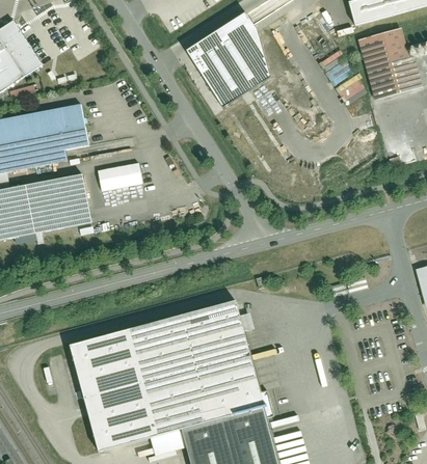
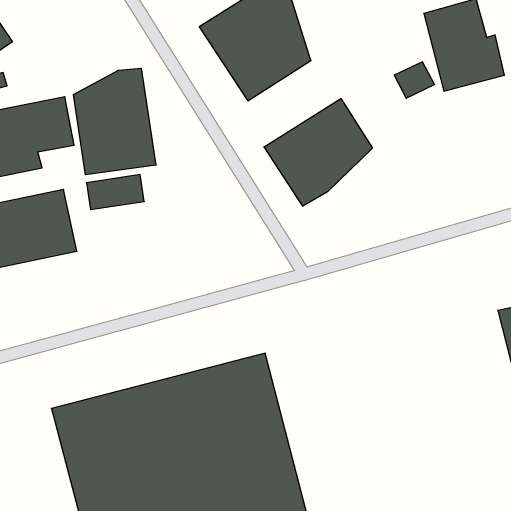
building: none -> [73,68,156,175]
building: none -> [264,99,373,206]

